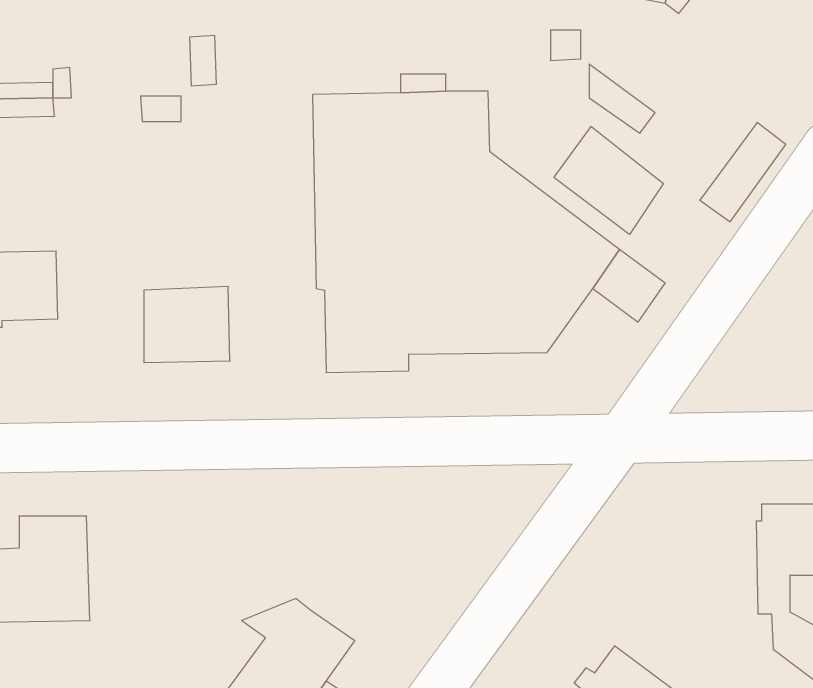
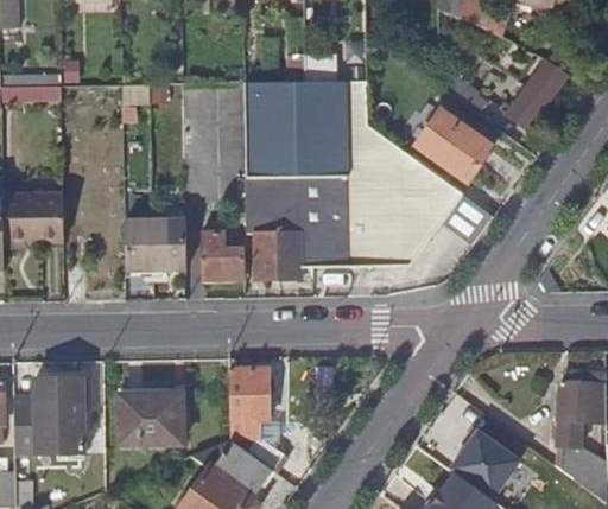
building: [700,122,786,222] -> [505,58,565,128]
building: none -> [200,230,242,279]
building: none -> [229,367,284,467]
building: none -> [119,393,182,444]
building: none -> [451,424,524,495]

